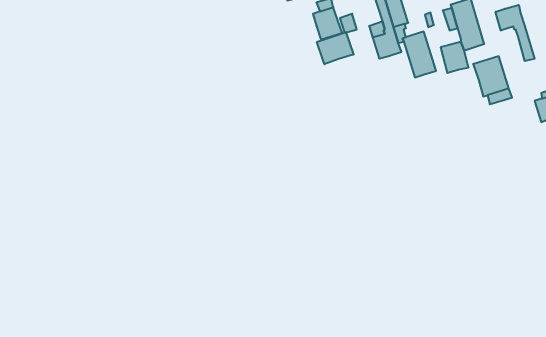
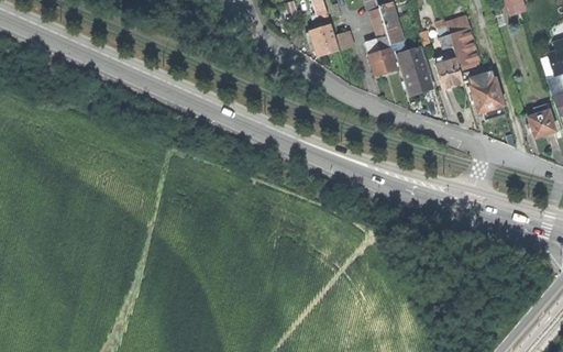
building: [496,5,535,61] -> none
building: [317,32,354,64] -> none

